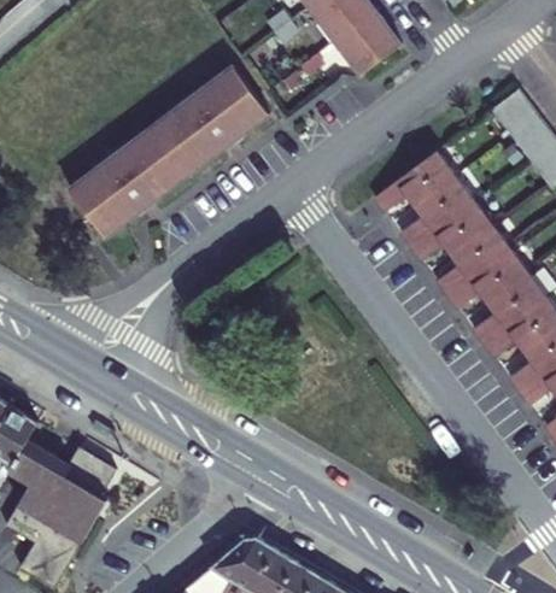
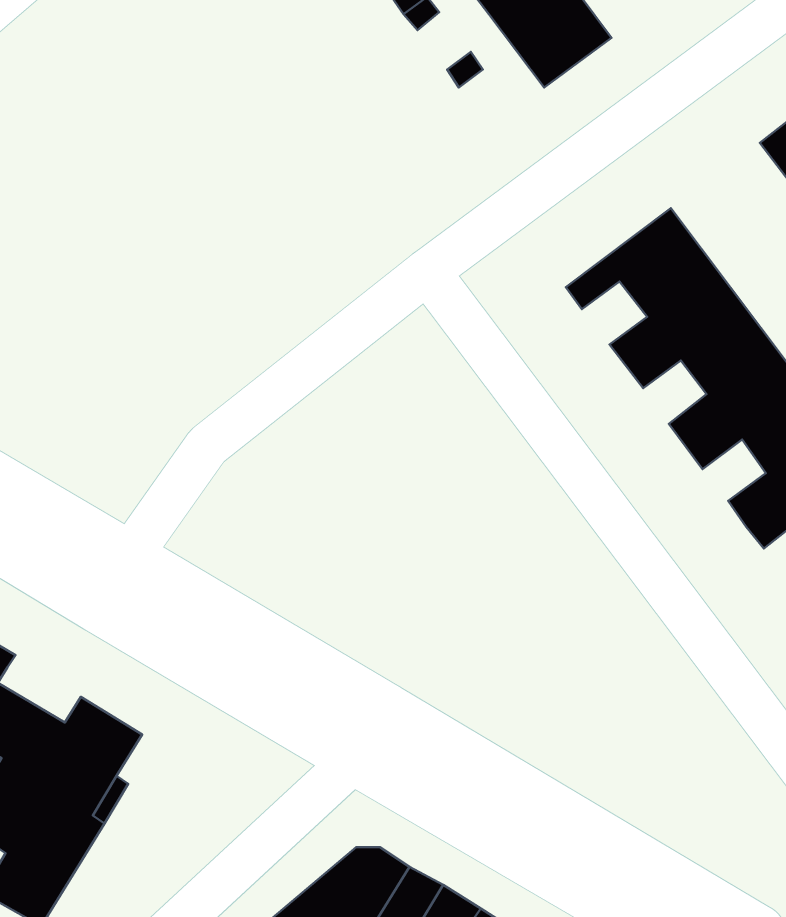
building: [69,65,268,236] -> none

